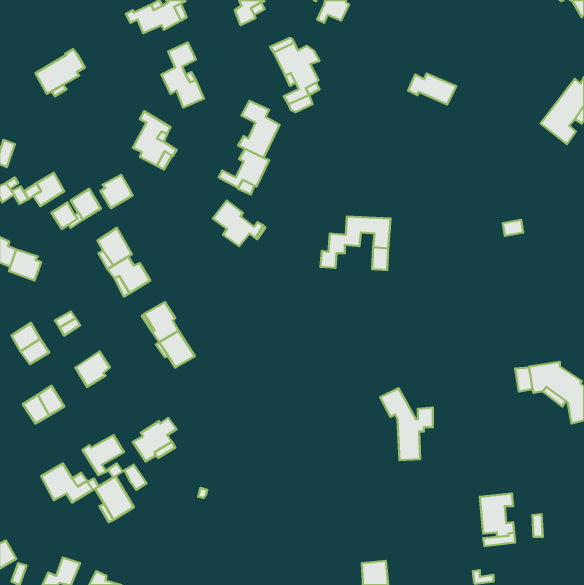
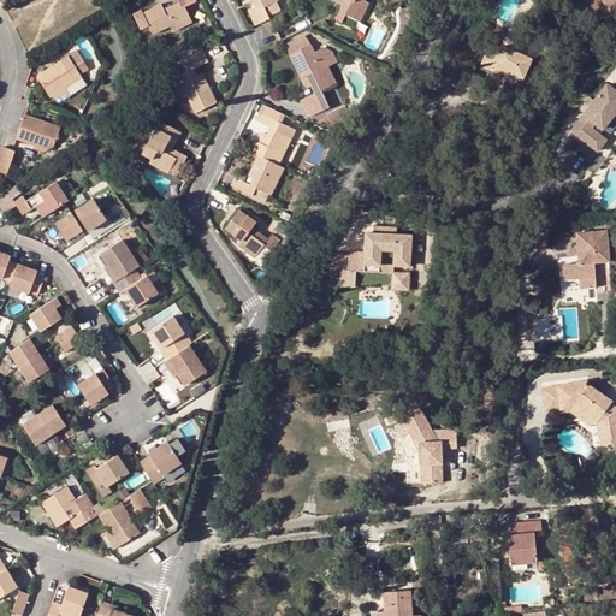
building: [408,73,456,104] -> [480,46,531,78]
building: none -> [17,116,60,152]
building: [100,175,132,208] -> none
building: none -> [562,230,609,289]
building: none -> [32,298,65,333]

